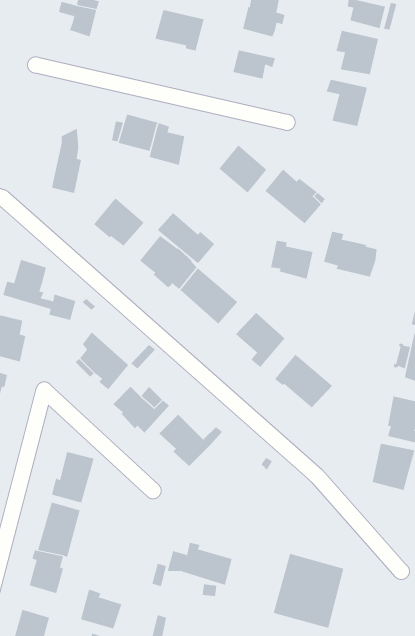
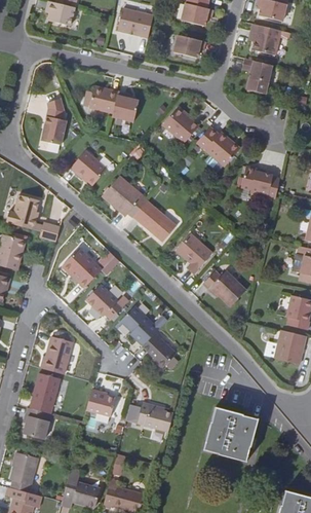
building: [157,212,215,264] -> none
building: [270,240,313,279] -> none
building: none -> [141,334,174,368]
building: [80,589,122,629] -> [85,387,116,416]

